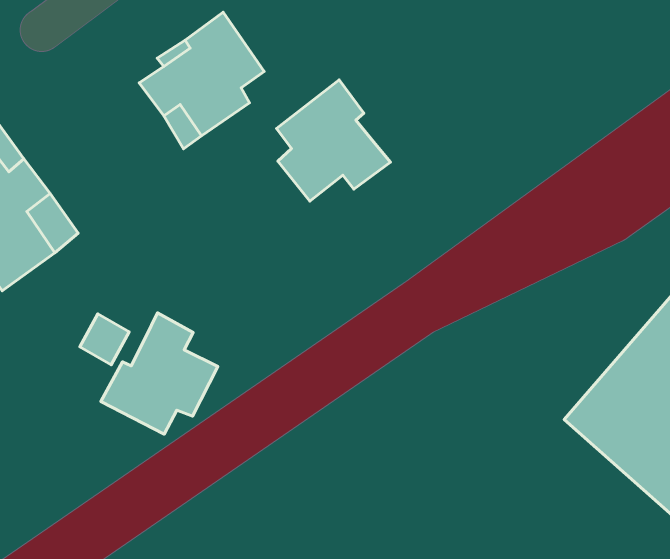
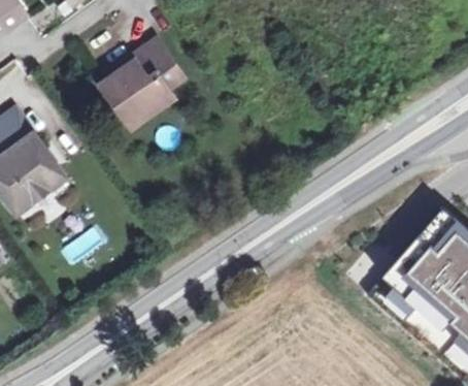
building: [276,80,391,201] -> none
building: [101,313,218,434] -> none

